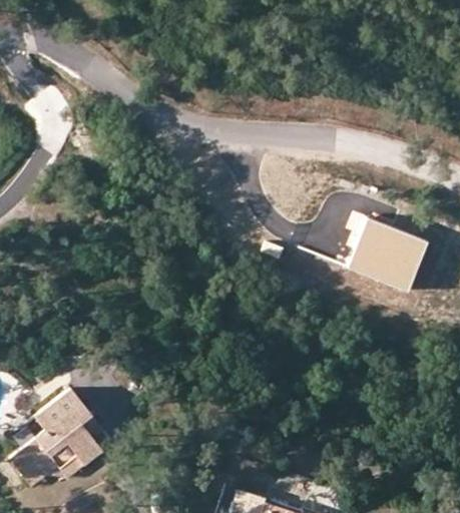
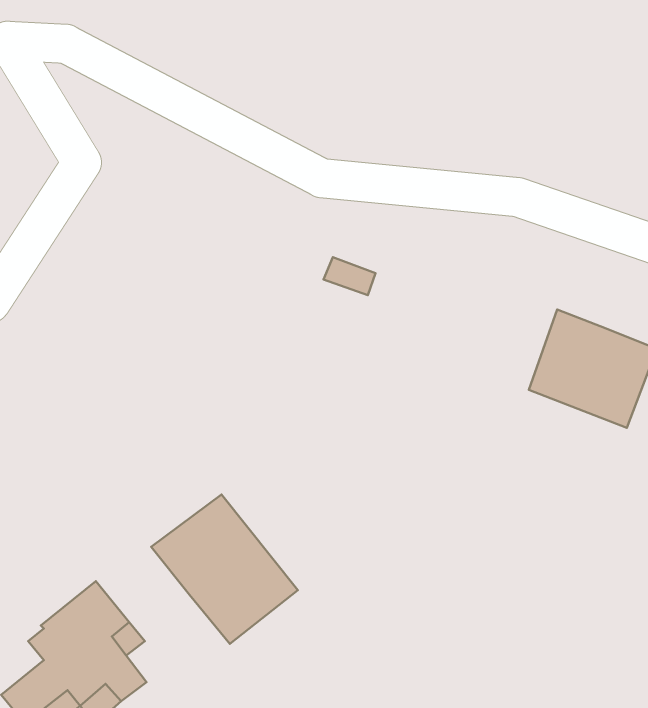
building: none -> [151,494,298,644]

